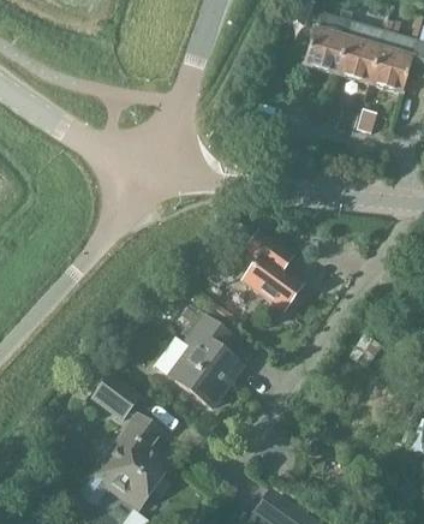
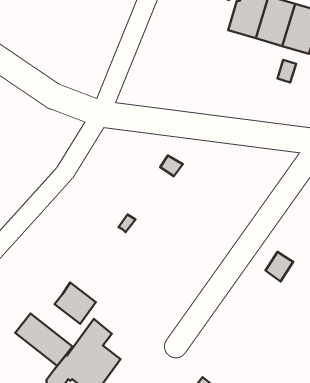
building: [244,230,305,309] -> none
building: [177,315,245,403] -> none
building: none -> [15,313,73,366]

